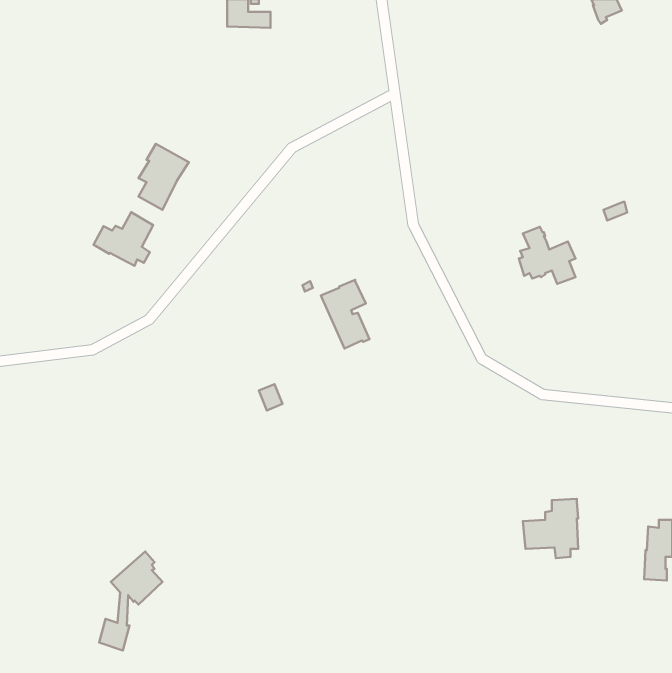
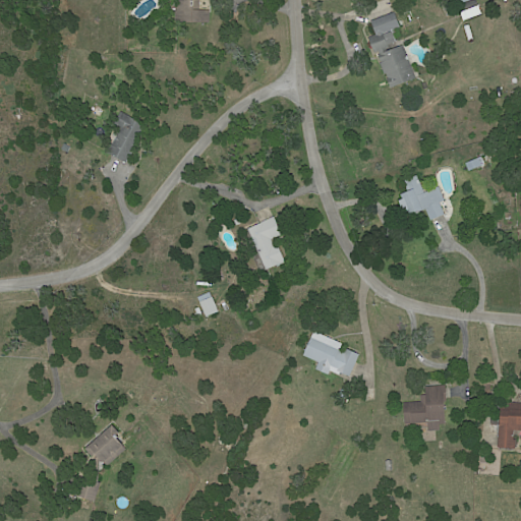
building: none -> [367,11,415,88]
building: [93,212,153,266] -> none
building: none -> [303,331,359,377]

